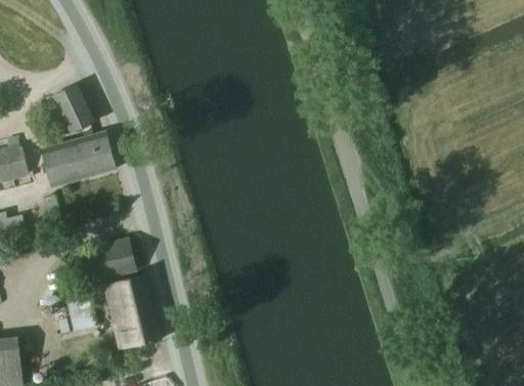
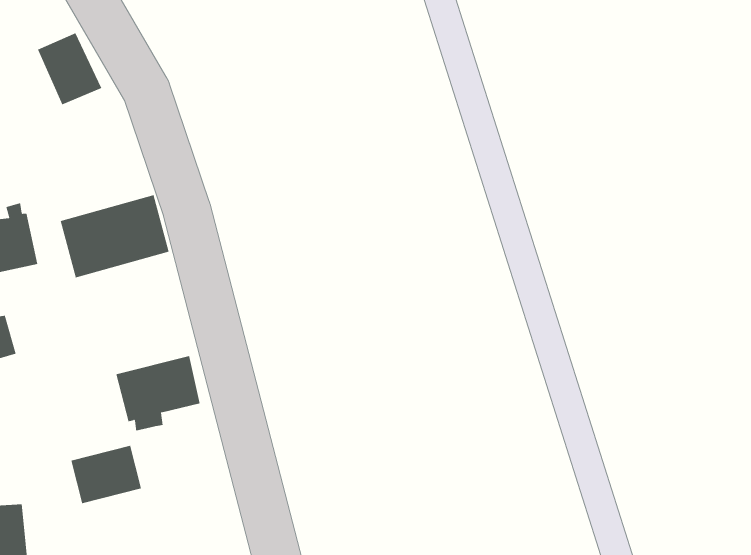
building: [51,85,94,133] -> [37,33,102,105]
building: [105,276,160,348] -> none

